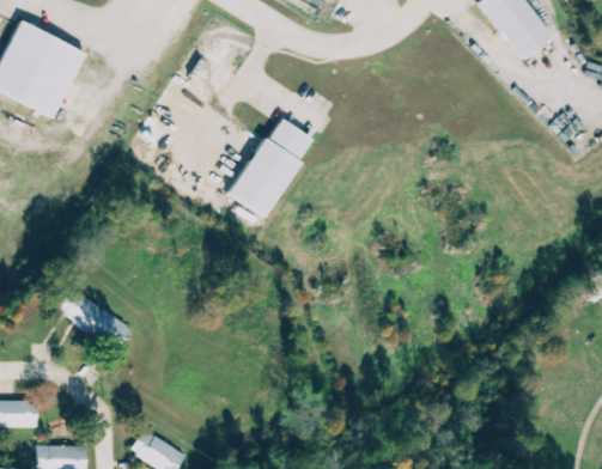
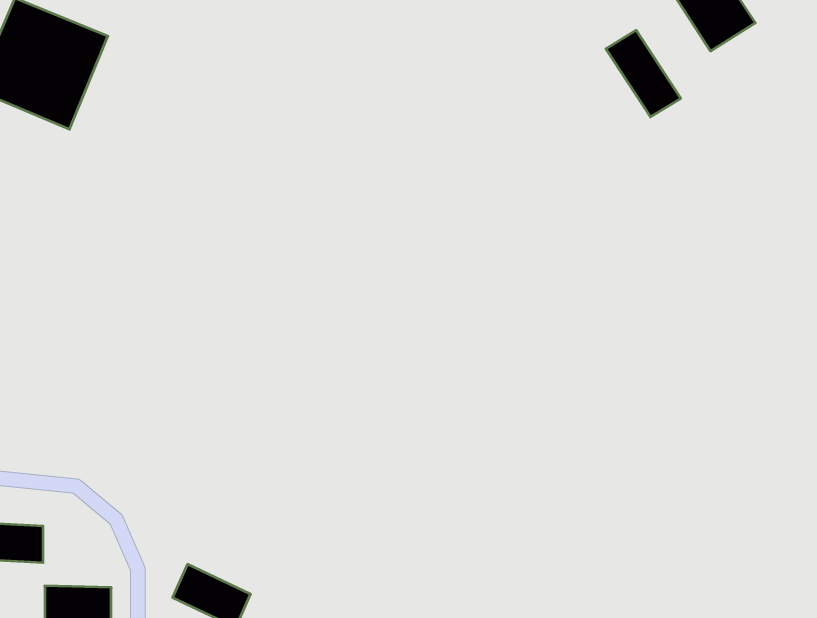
building: none -> [606,30,681,117]
building: [229,116,315,217] -> none
building: [56,290,133,348] -> none

